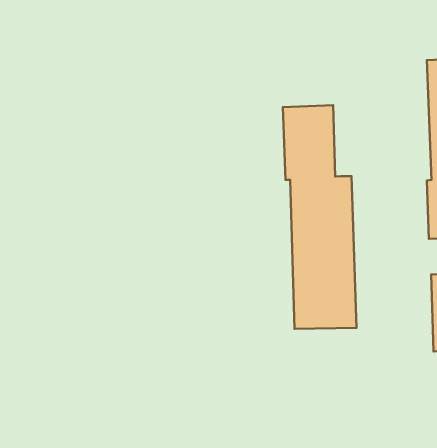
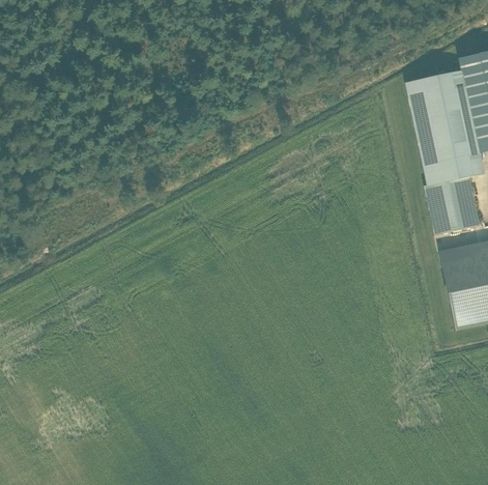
building: [283,105,356,329] -> none

